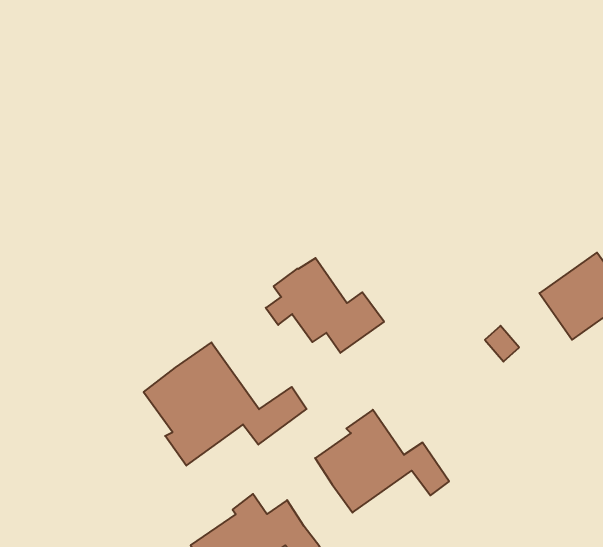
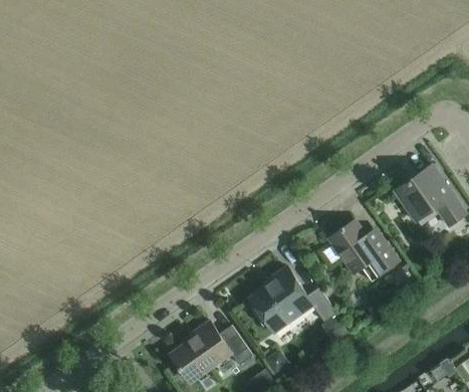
building: [266,258,384,353] -> [323,220,400,281]
building: [144,342,307,466] -> none

